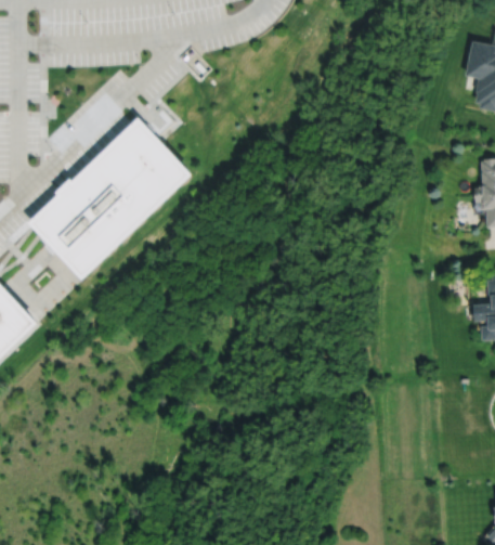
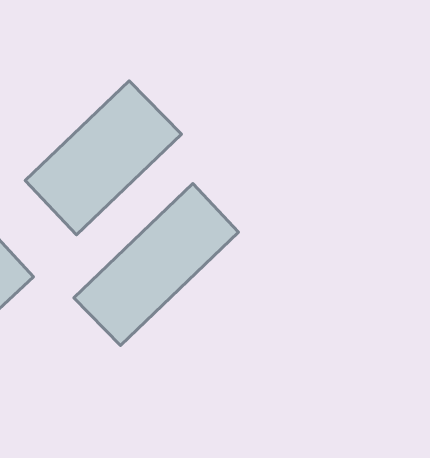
building: none -> [74,184,238,345]

